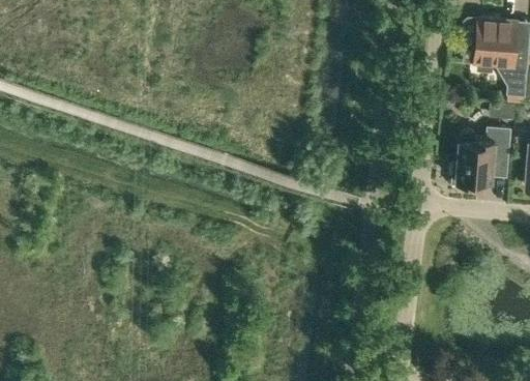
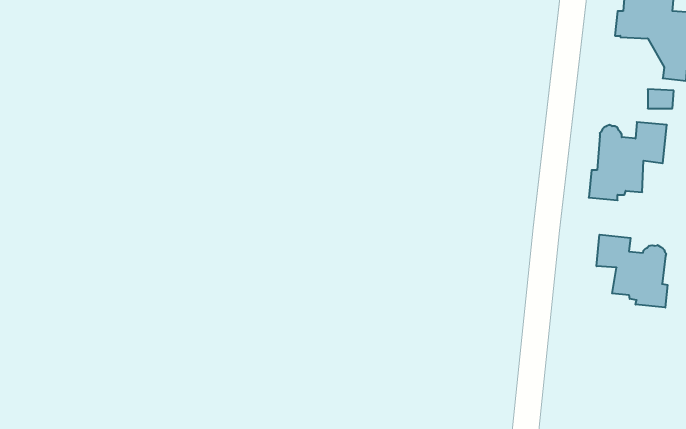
building: none -> [597,235,668,308]

